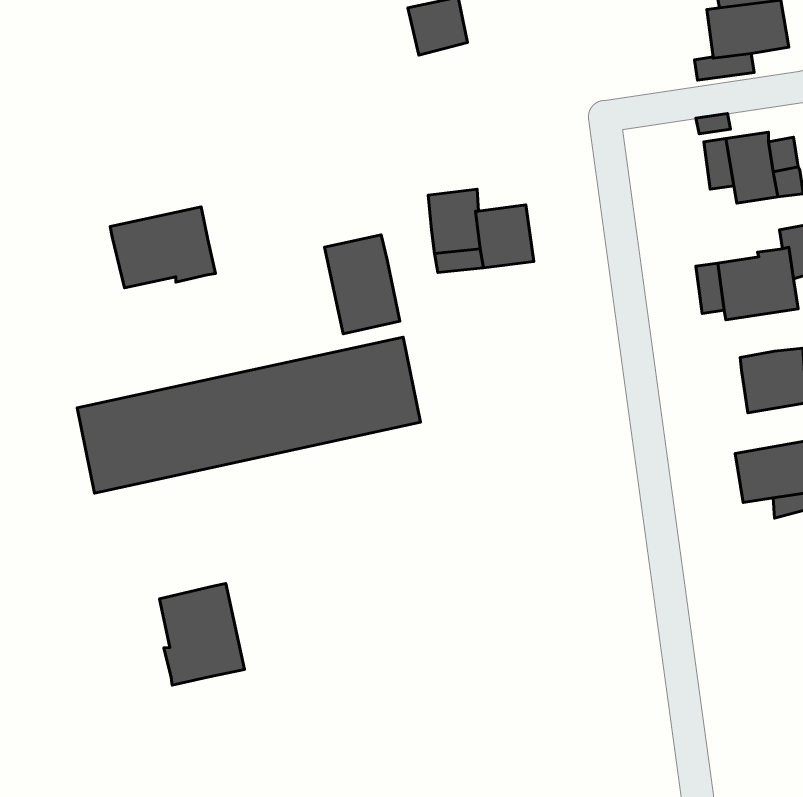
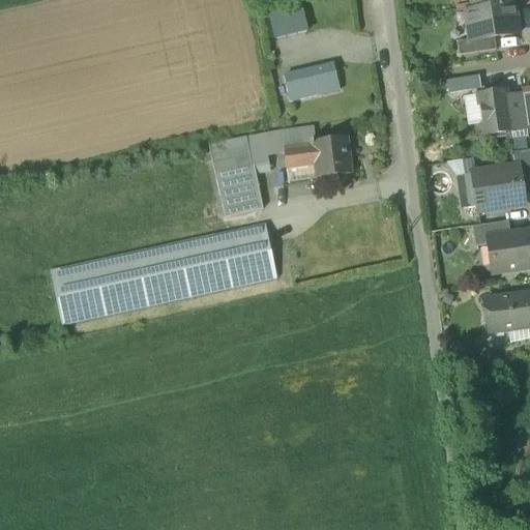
building: none -> [285,62,341,99]
building: none -> [210,128,285,171]
building: [110,207,215,288] -> none
building: none -> [472,218,510,245]
building: [159,584,244,685] -> none

